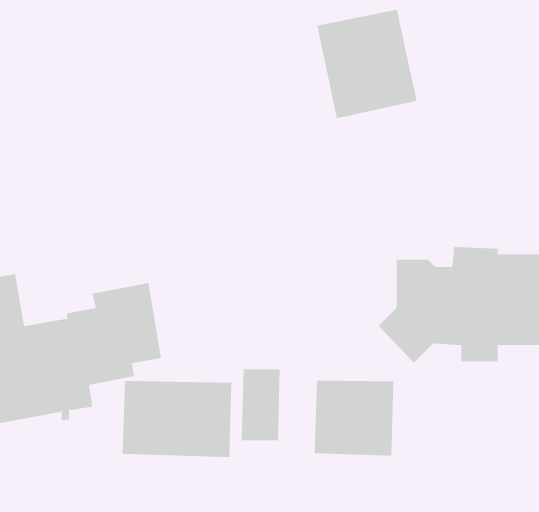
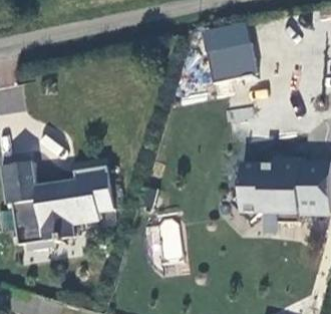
building: [314,380,394,456] -> none
building: [122,380,232,458] -> none

